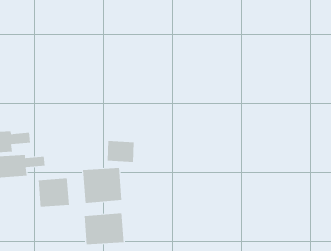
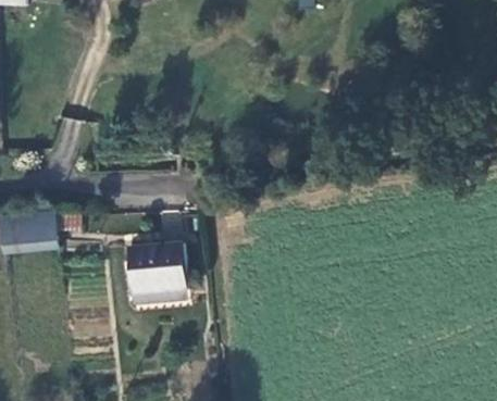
building: [38,178,69,207] -> none
building: [84,212,124,245] -> none

